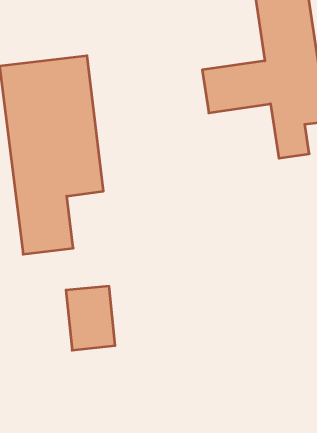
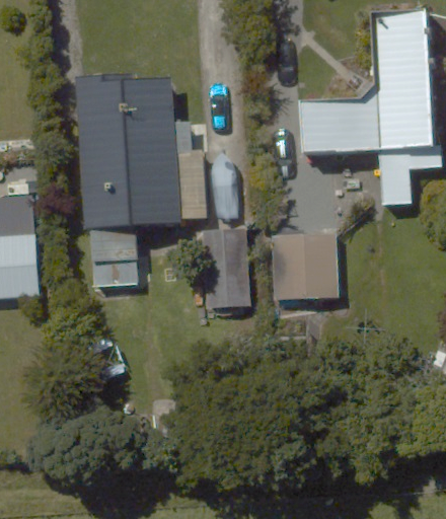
building: none -> [273,182,338,302]
building: [66,286,115,350] -> [196,234,245,302]

